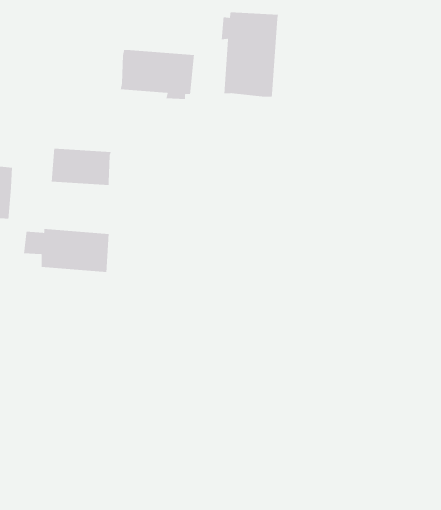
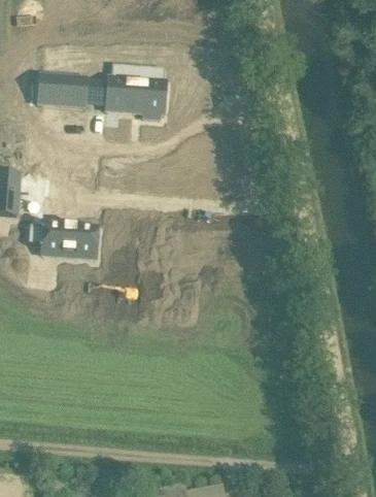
building: [221,11,279,97] -> none
building: [51,148,112,186] -> [38,78,88,109]

